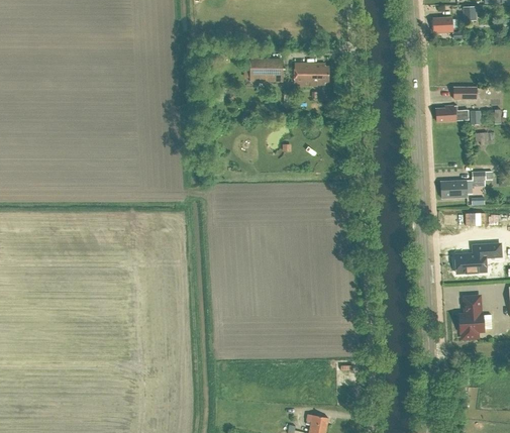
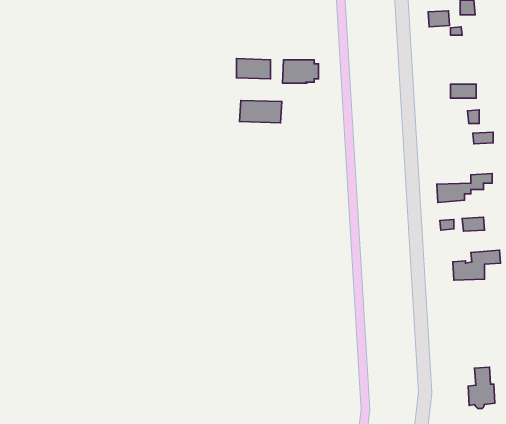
building: none -> [239,100,282,123]
building: [435,105,469,121] -> none
building: [458,296,484,335] -> [468,367,495,409]

